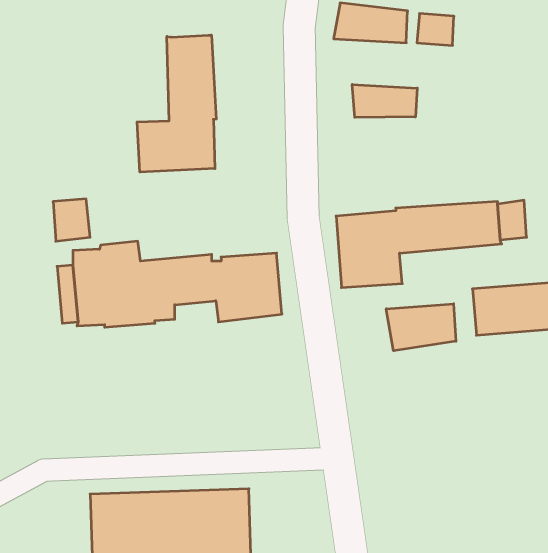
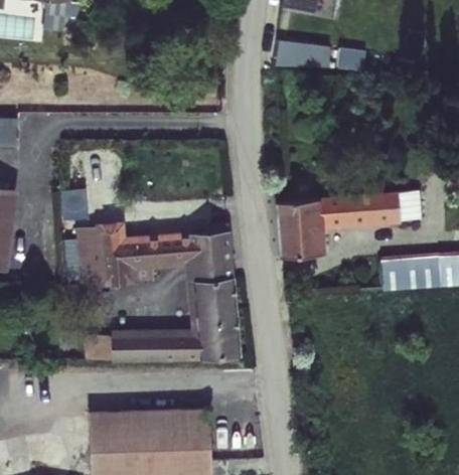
building: [137,35,216,172] -> none
building: [352,84,417,117] -> none
building: [386,304,456,351] -> none
building: none -> [85,277,242,362]

